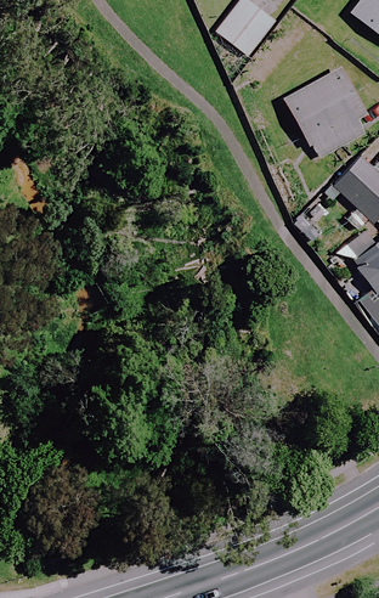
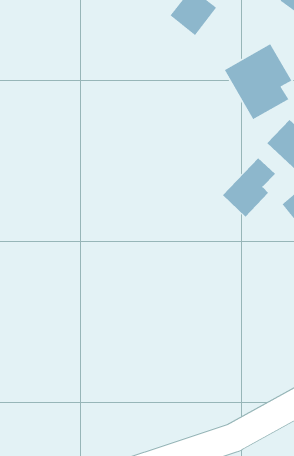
building: none -> [222,157,276,217]

